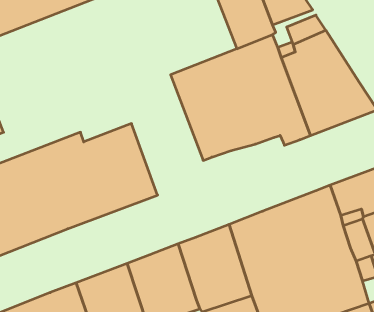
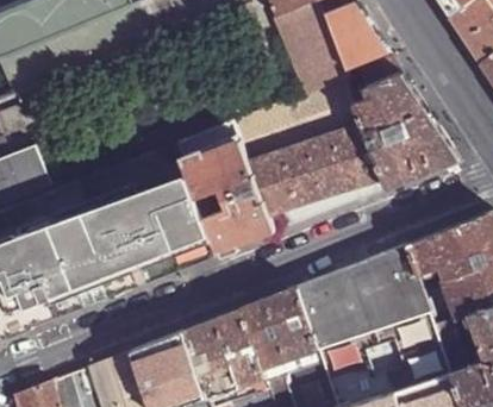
building: none -> [176,121,273,253]

